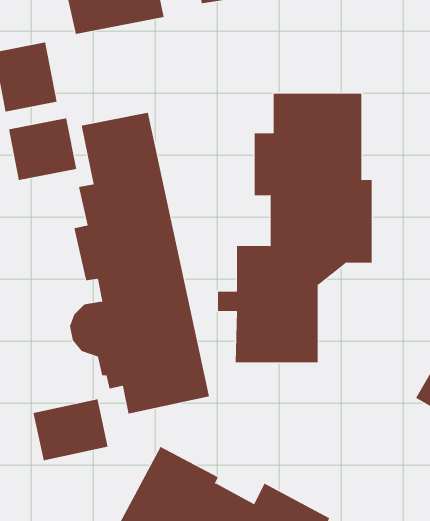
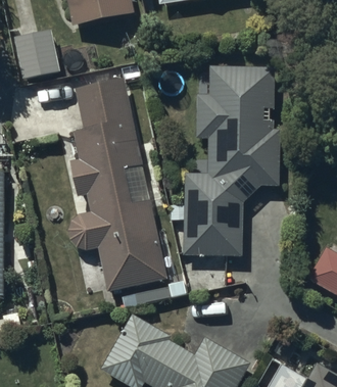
building: [8,117,77,181] -> none
building: [33,398,108,461] -> none

